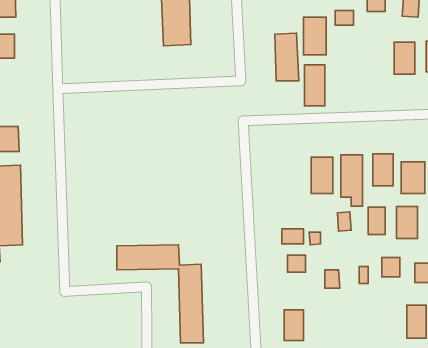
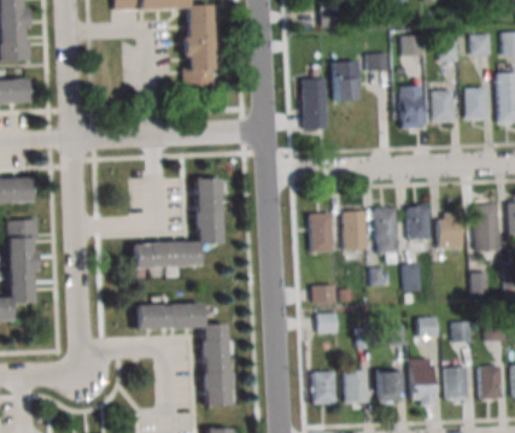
building: [304,65,325,106] -> [402,86,423,129]
building: none -> [133,177,221,268]
building: none -> [311,213,332,252]
building: [397,207,418,238] -> none
building: none -> [411,357,437,406]
building: none -> [379,369,399,403]
building: none -> [345,370,368,404]

